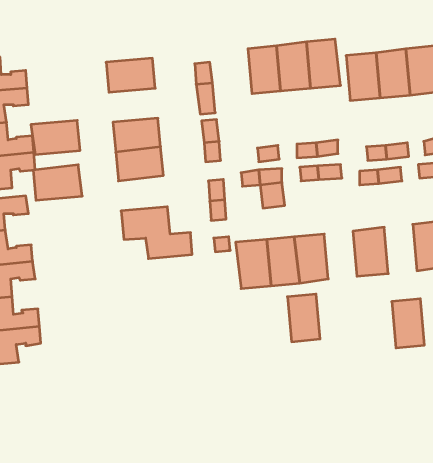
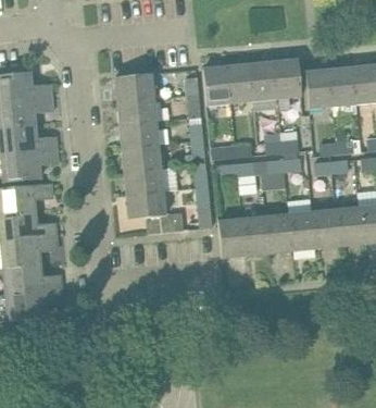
building: none -> [202,65,230,104]
building: [31,120,80,155] -> [116,97,155,124]
building: [33,165,82,200] -> [124,166,163,195]
building: [287,294,320,342] -> [288,211,314,249]
building: [392,299,424,348] -> [336,206,362,245]

